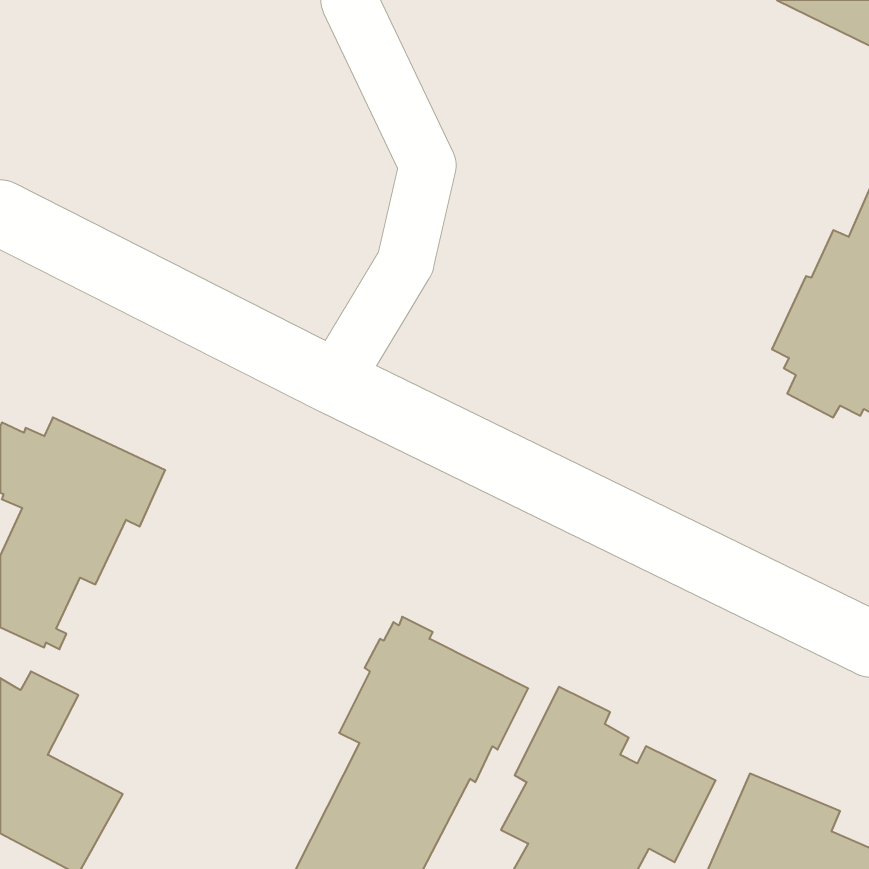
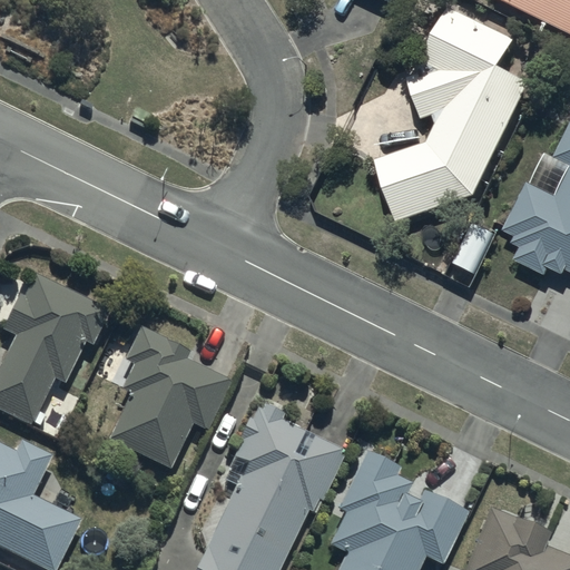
building: none -> [376,6,530,218]
building: none -> [109,326,230,469]

